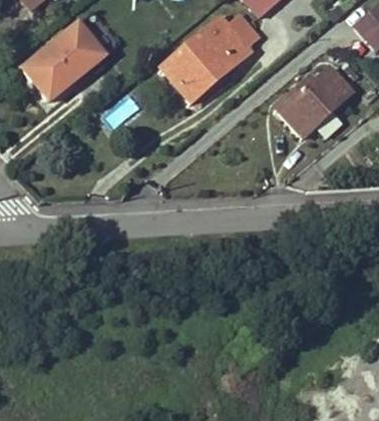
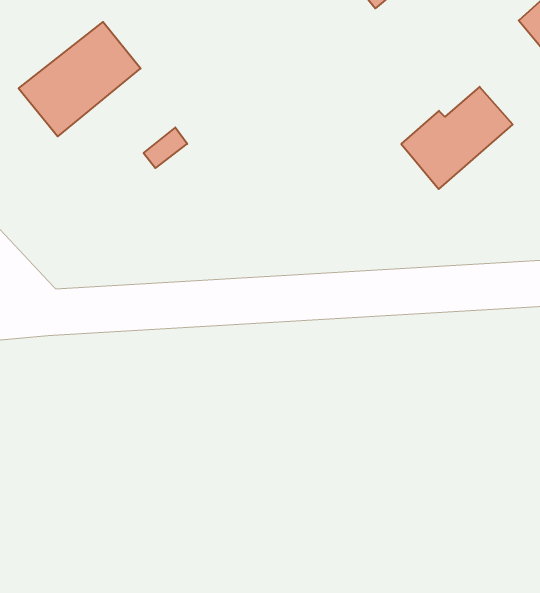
building: [161,17,249,100] -> none

